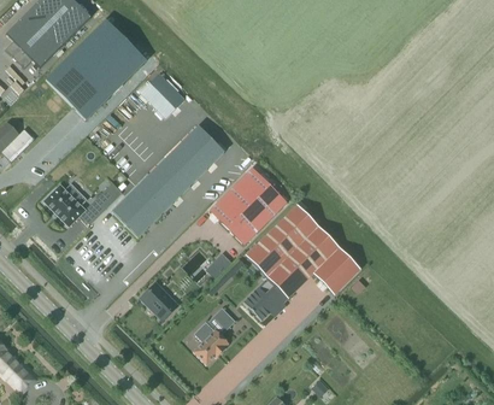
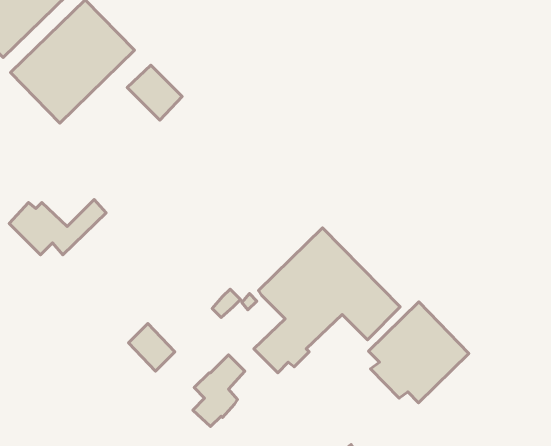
building: [111,125,224,237] -> none
building: [208,168,286,245] -> none
building: none -> [369,302,469,403]

